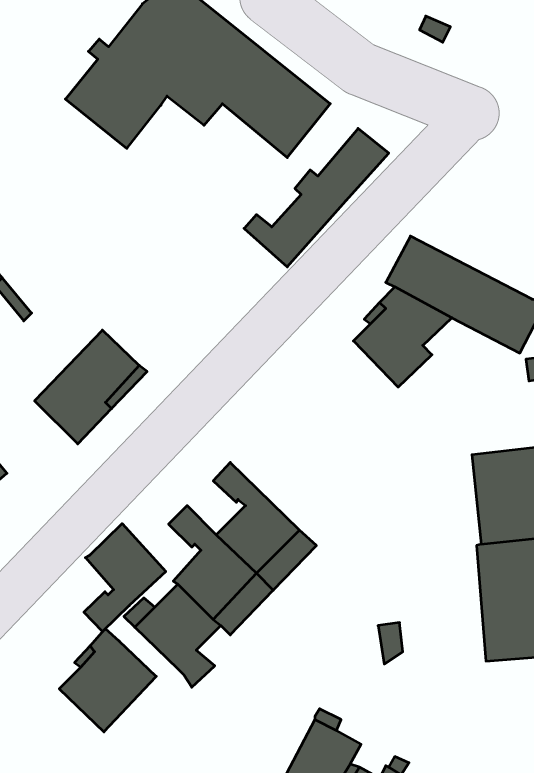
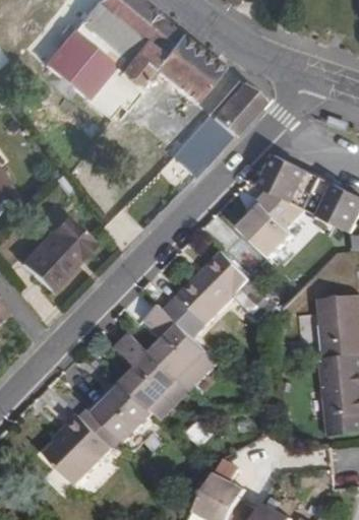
building: none -> [167,251,279,334]
building: [84,524,166,632] -> none

